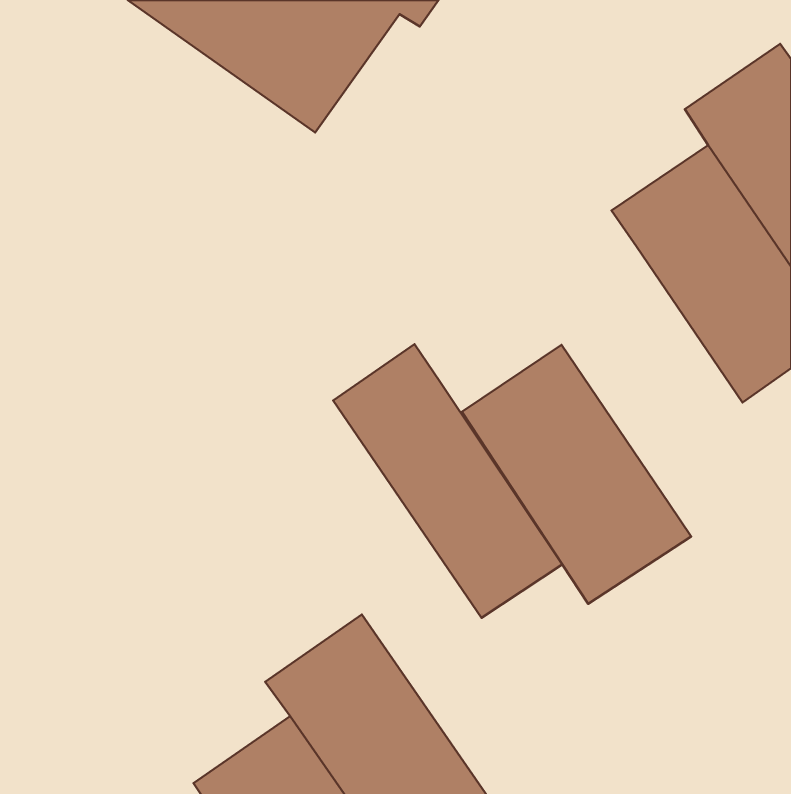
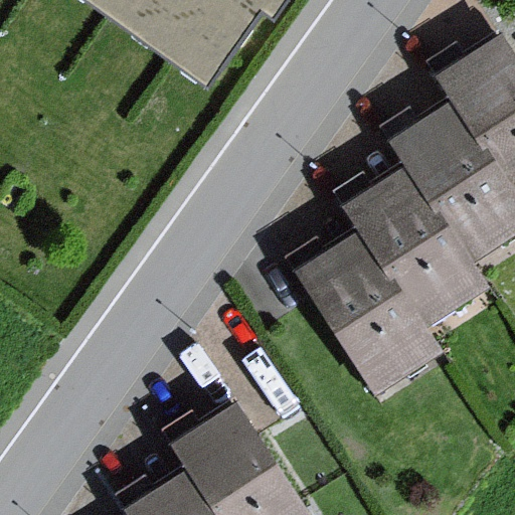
building: none -> [347,161,494,327]
building: [333,344,562,618] -> none

